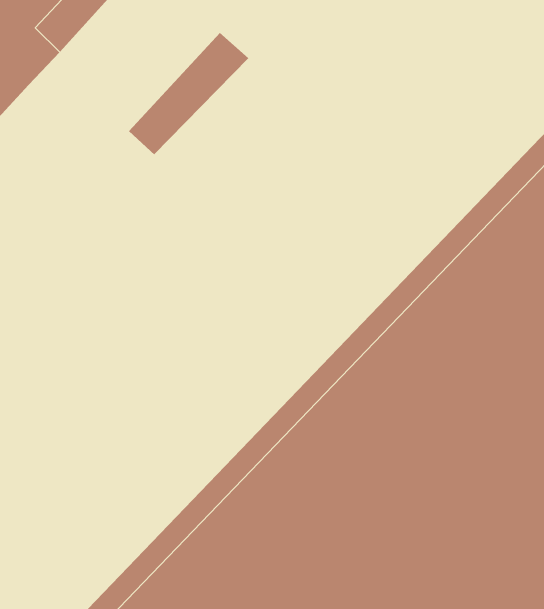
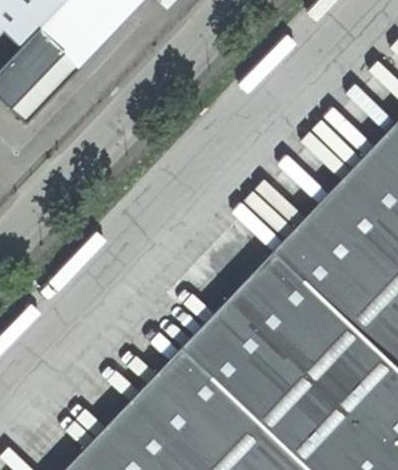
building: [128,32,249,155] -> none

